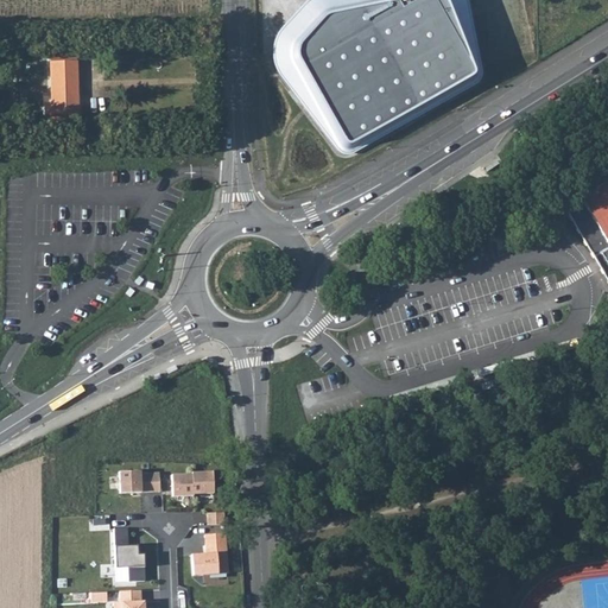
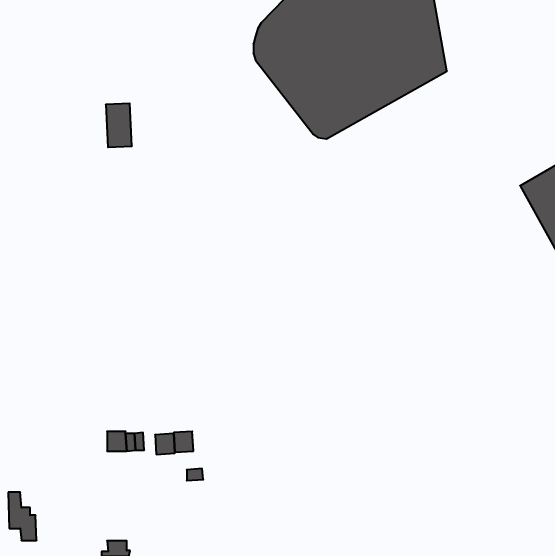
building: [53,61,82,108] -> [106,103,132,147]
building: [114,526,145,578] -> [8,492,37,540]
building: [191,531,228,574] -> none

